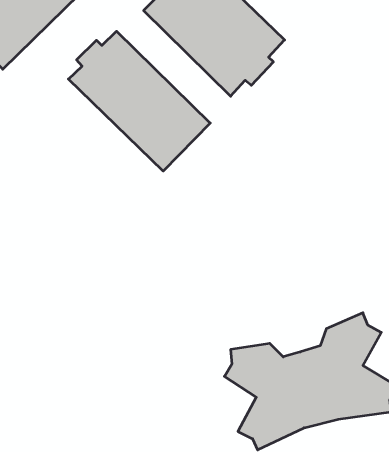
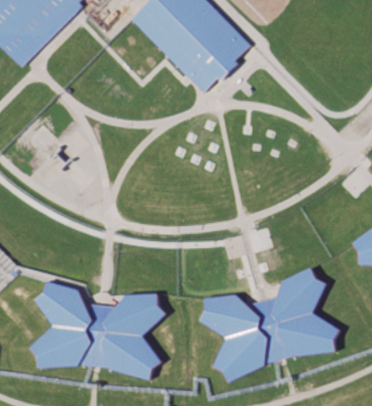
building: [68,31,210,171] -> none
building: none -> [26,281,164,378]

